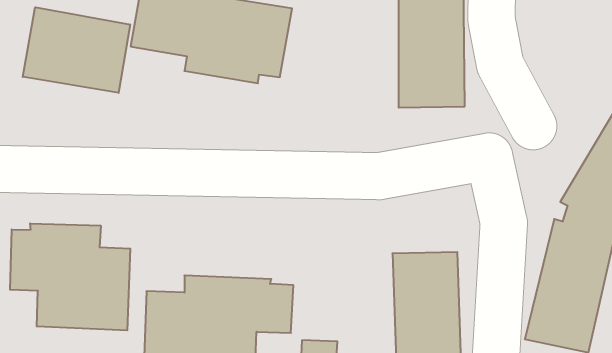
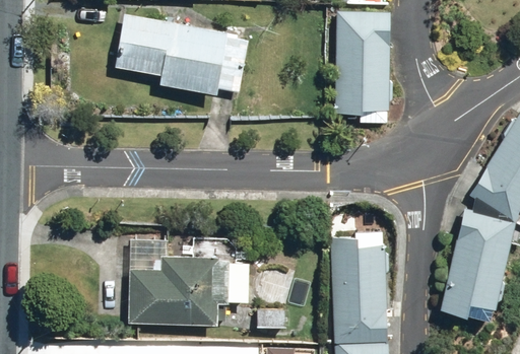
building: [23,7,130,93] -> none
building: [10,223,130,330] -> none

